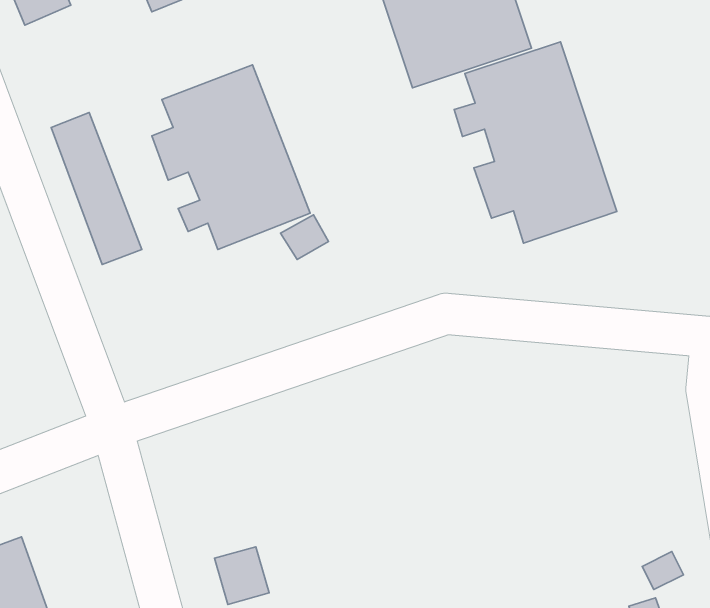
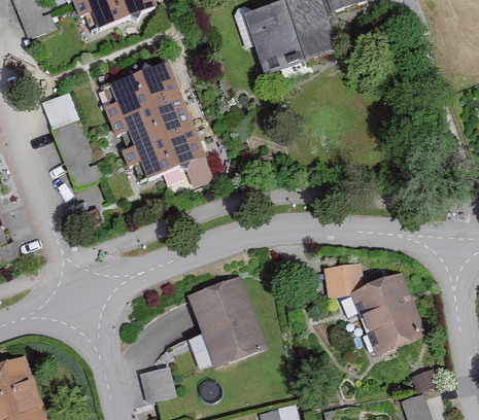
building: [454,42,617,243] -> none
building: none -> [321,260,426,356]
building: none -> [187,276,266,363]

